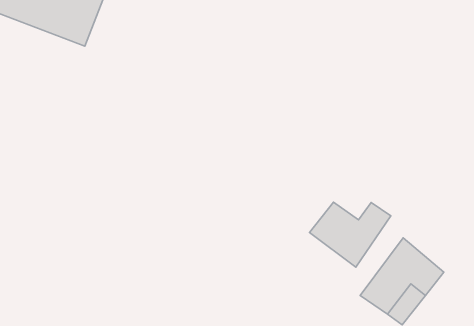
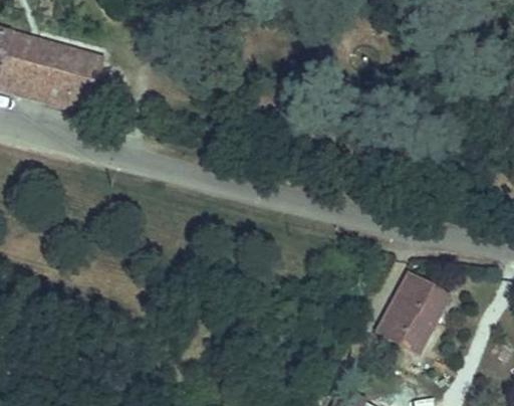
building: [309,202,391,267] -> none

